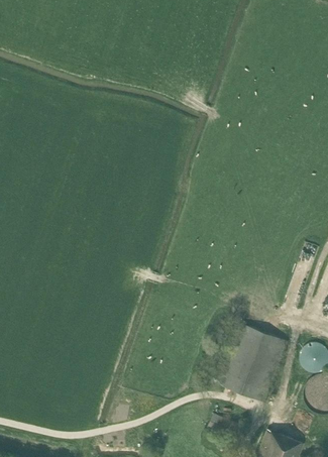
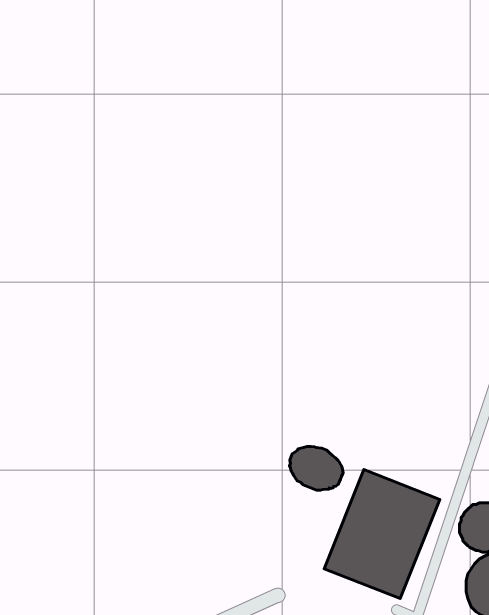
building: none -> [289,447,343,490]

